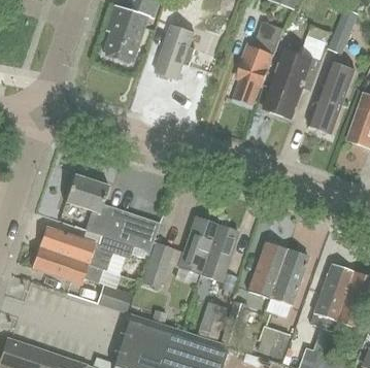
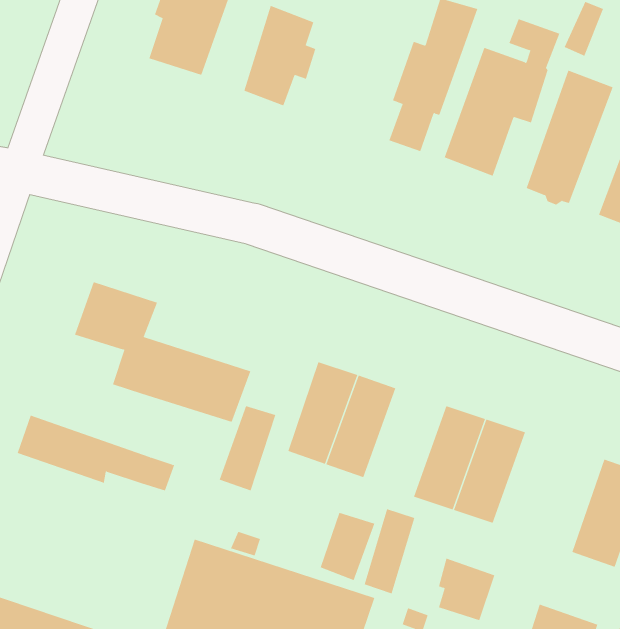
building: [40,227,149,273] -> none
building: [313,263,350,321] -> none
building: [94,283,128,311] -> none

